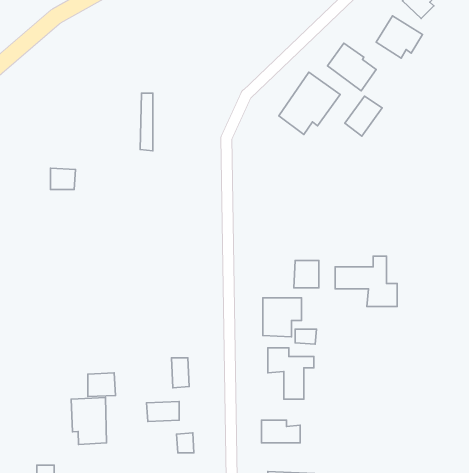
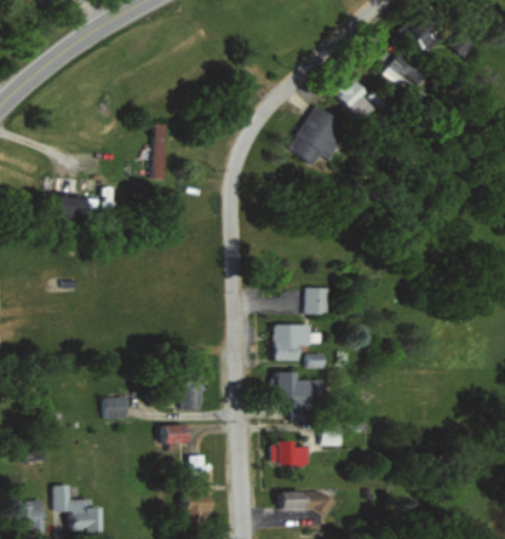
building: [345,96,382,136] -> none
building: [335,256,397,307] -> none
building: [71,397,107,445] -> none

